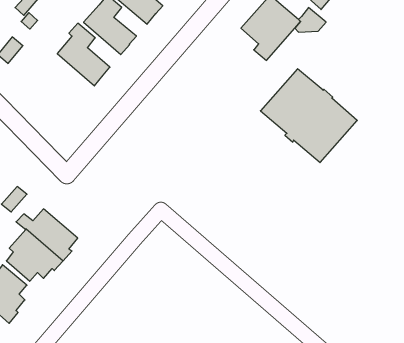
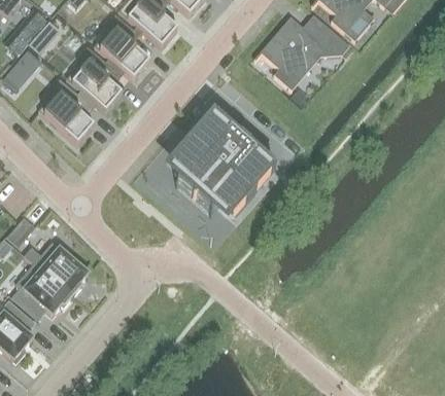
building: none -> [39,78,95,144]
building: [260,69,357,163] -> [174,114,276,213]

